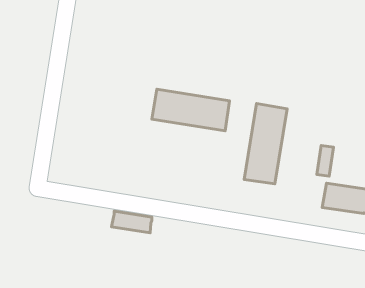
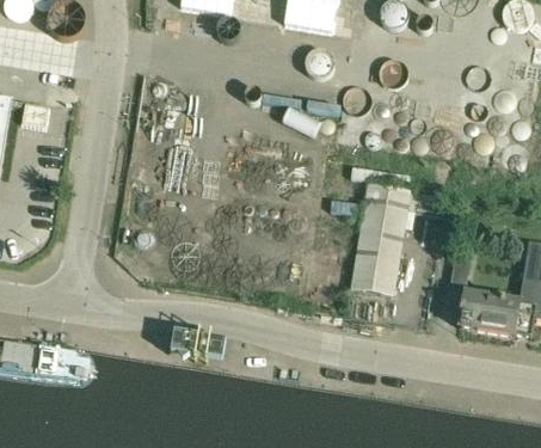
building: [152,89,230,131] -> none

